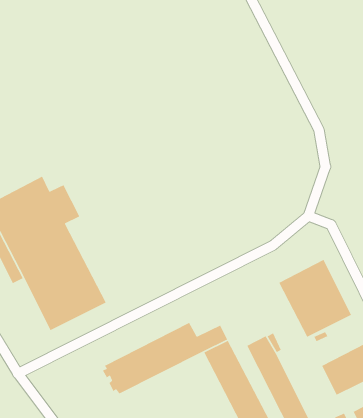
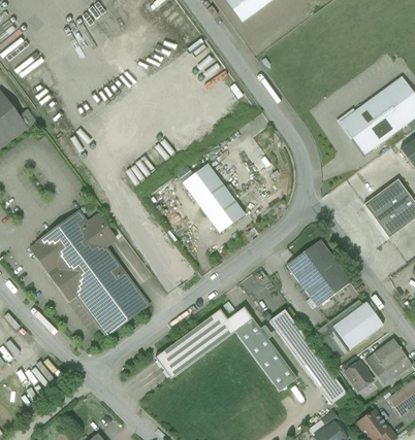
building: none -> [181,164,245,233]

